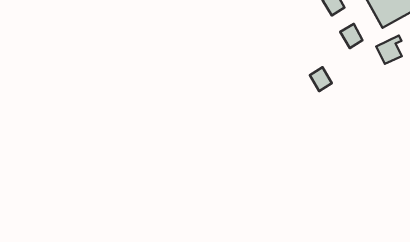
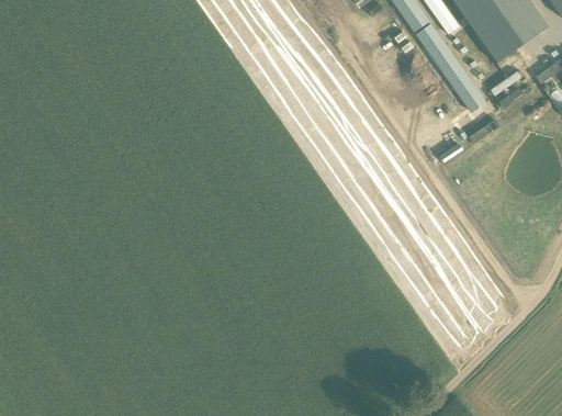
building: none -> [429,41,459,72]
building: [310,67,332,91] -> [457,80,486,112]

